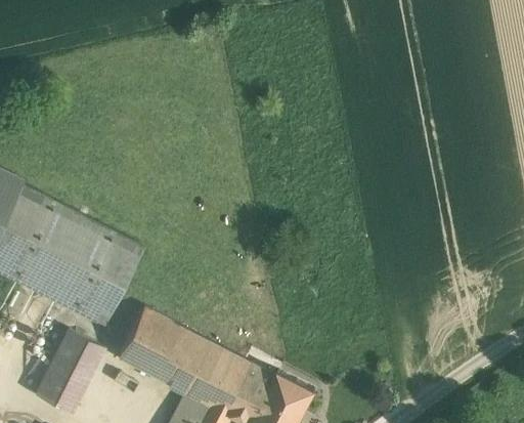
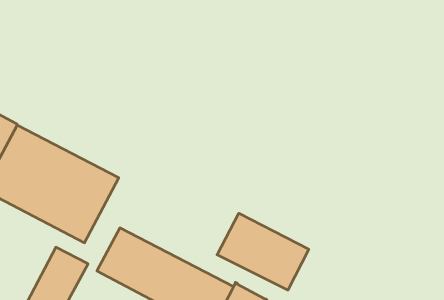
building: none -> [217,213,309,290]

